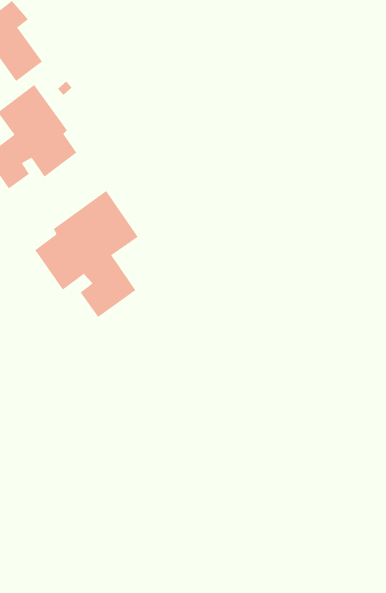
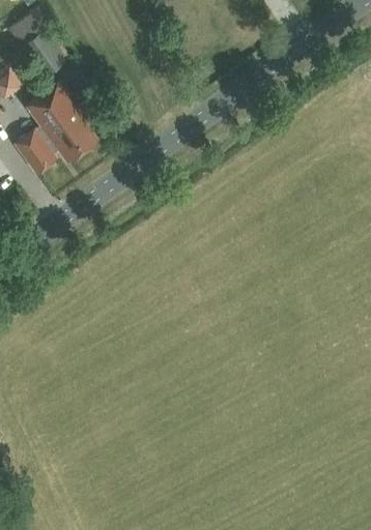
building: [35,190,138,318] -> none

